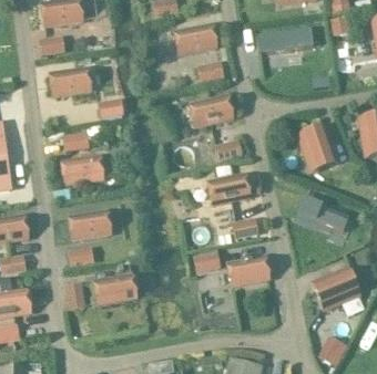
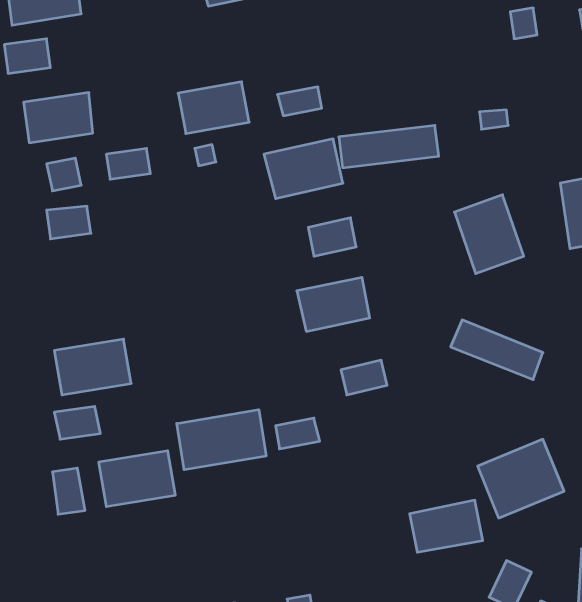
building: [175,23,216,53] -> [178,82,249,134]
building: [256,28,314,52] -> [339,125,439,168]
building: [61,154,104,184] -> none
building: none -> [177,410,266,470]
building: [227,254,269,284] -> [410,500,483,552]

